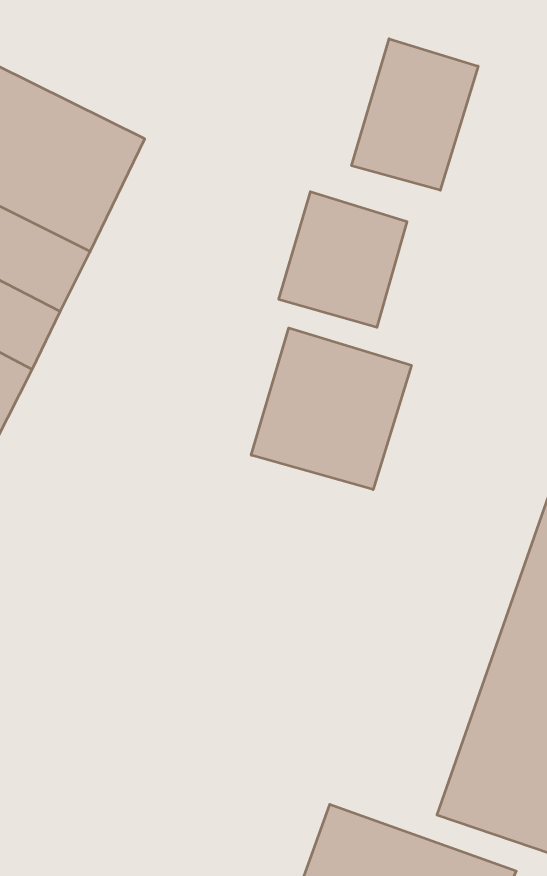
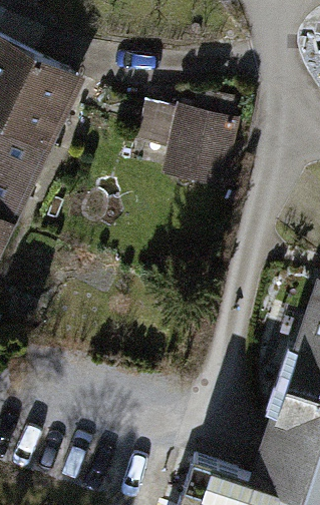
building: [352,39,478,190] -> none
building: [251,328,411,490] -> none

